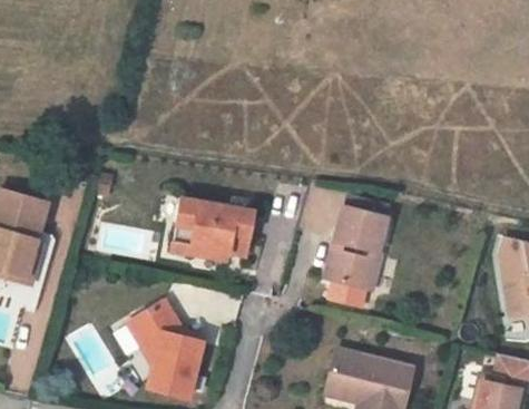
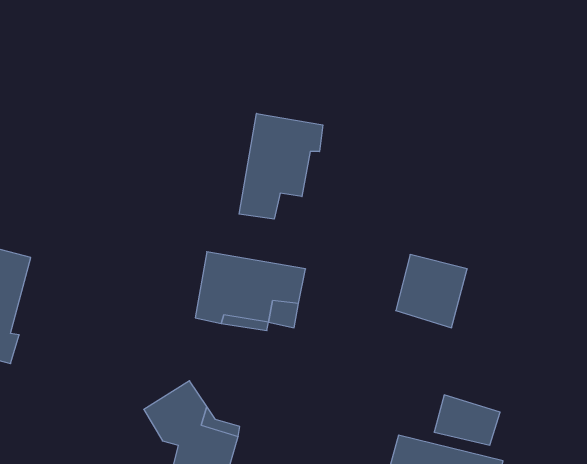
building: none -> [239,113,323,219]
building: [320,249,371,288] -> [434,395,500,445]

